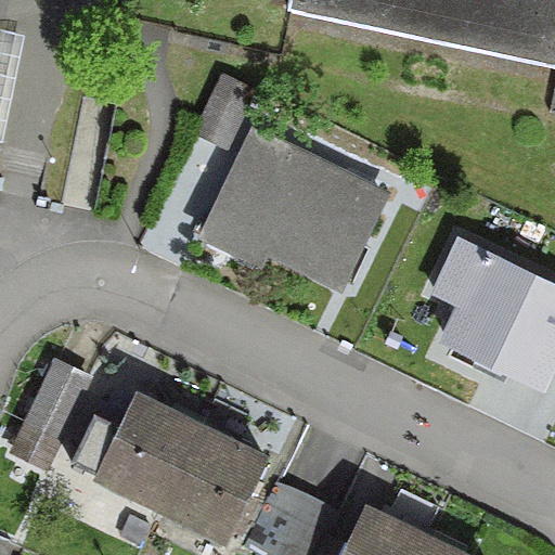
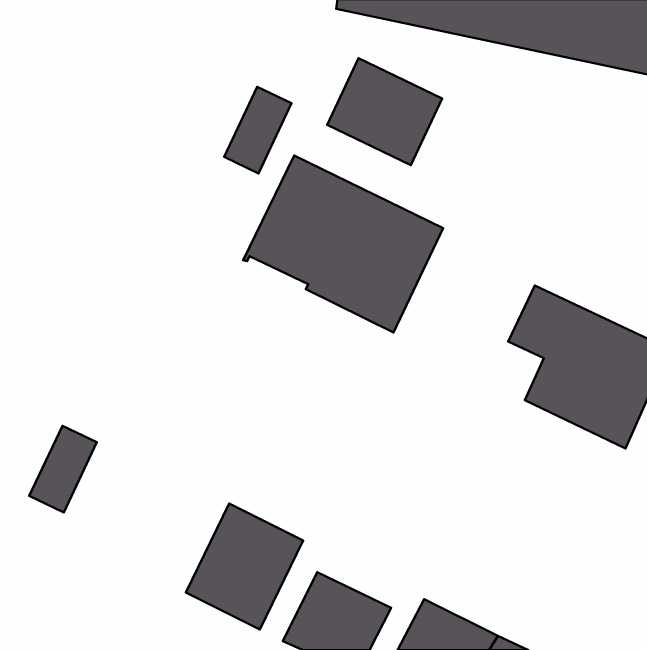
building: none -> [327,58,442,165]
building: [98,397,198,504] -> none

